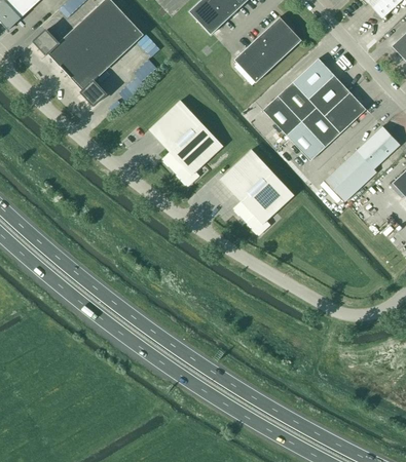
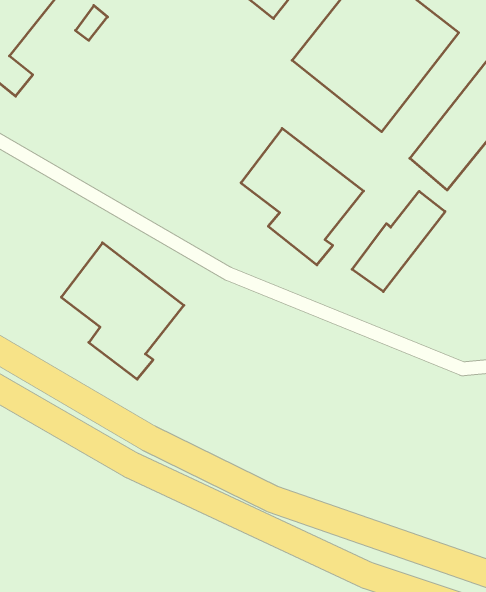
building: [150,100,223,185] -> [61,243,184,379]
building: none -> [352,191,445,292]

